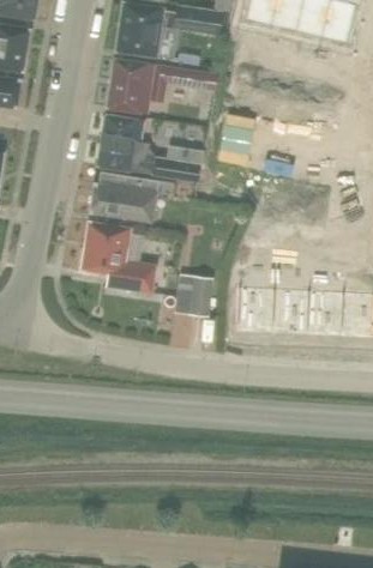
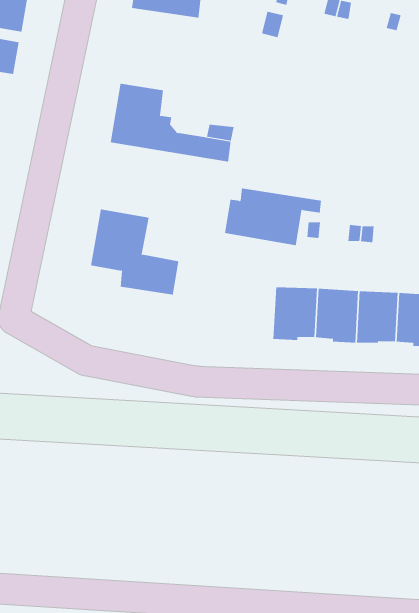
building: [107,58,195,113] -> none
building: [90,173,173,222] -> [224,188,322,246]
building: [188,276,212,314] -> none

